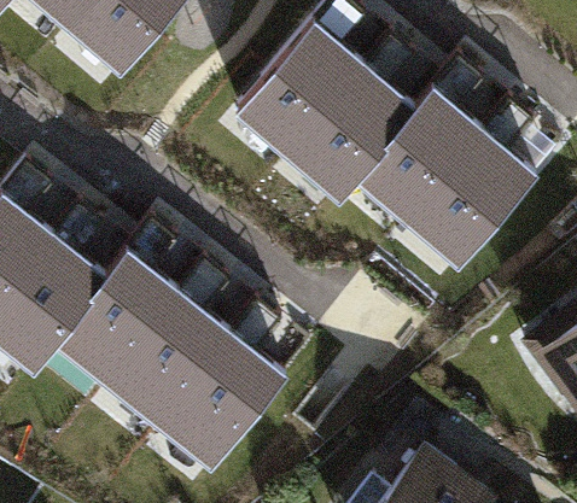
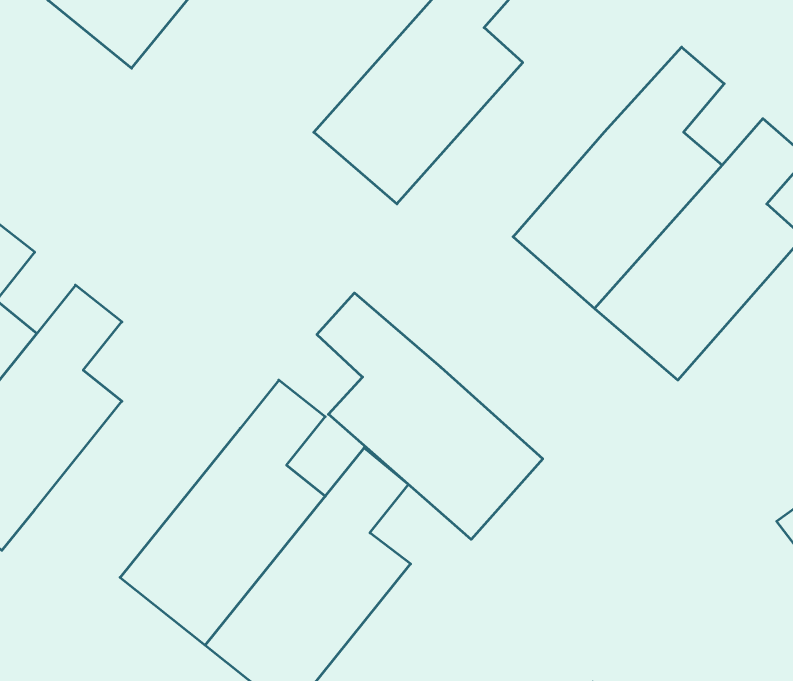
building: [284,37,415,200] -> none
building: none -> [317,293,543,539]
building: [58,223,186,388] -> none

